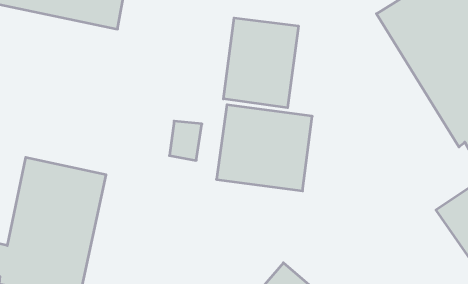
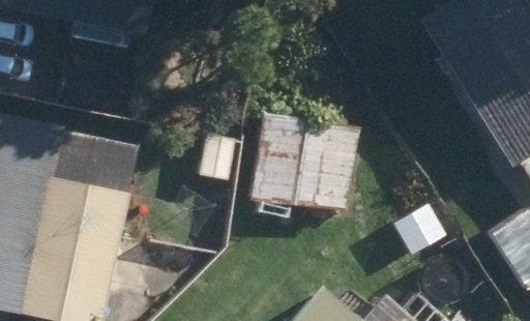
building: [223,18,298,108] -> none

